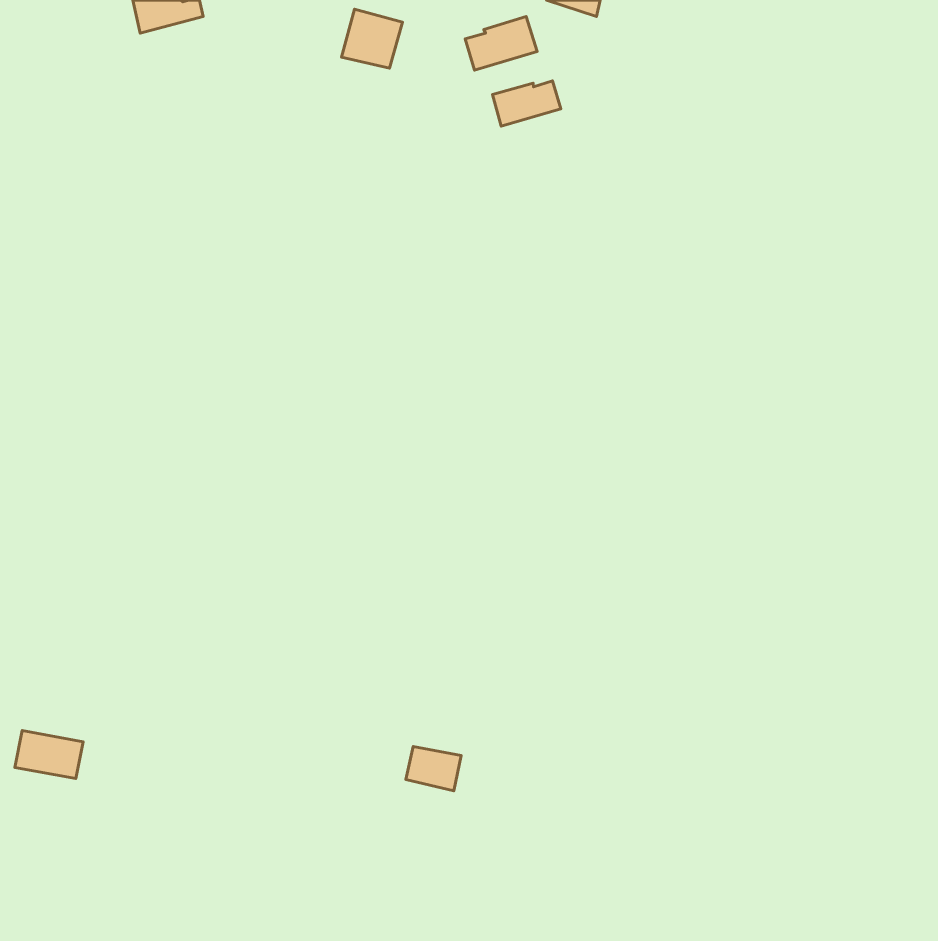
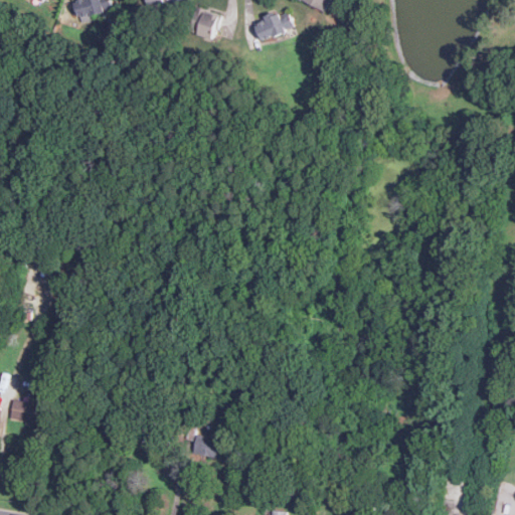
building: [493,81,561,126] -> none
building: [406,746,461,791] -> [192,435,222,459]

